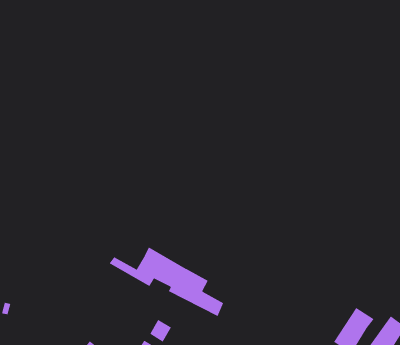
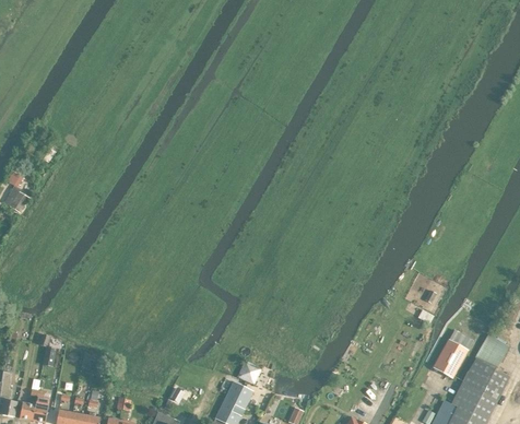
building: [109,246,224,317] -> none

